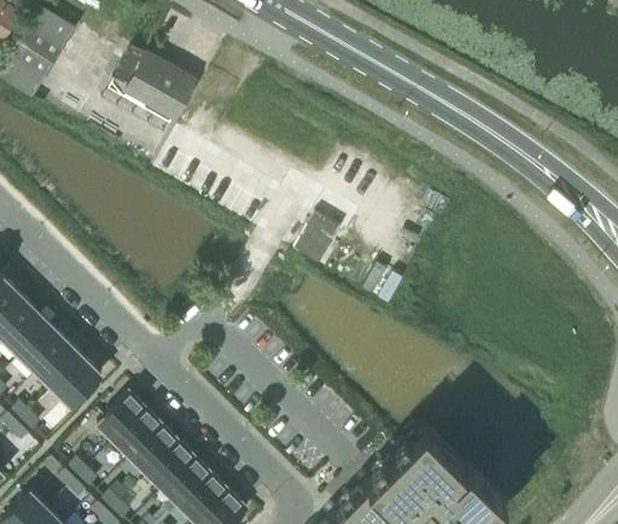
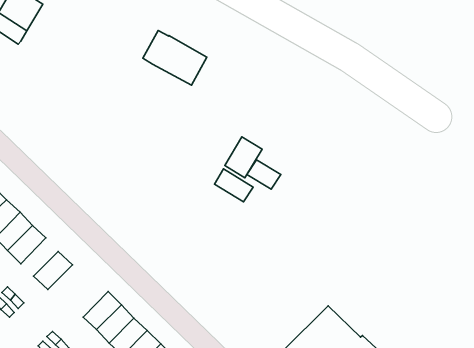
building: [115,48,196,117] -> [143,31,207,85]
building: none -> [247,160,281,189]
building: none -> [214,169,253,202]
building: [37,343,84,391] -> none
building: [99,394,147,443] -> none

